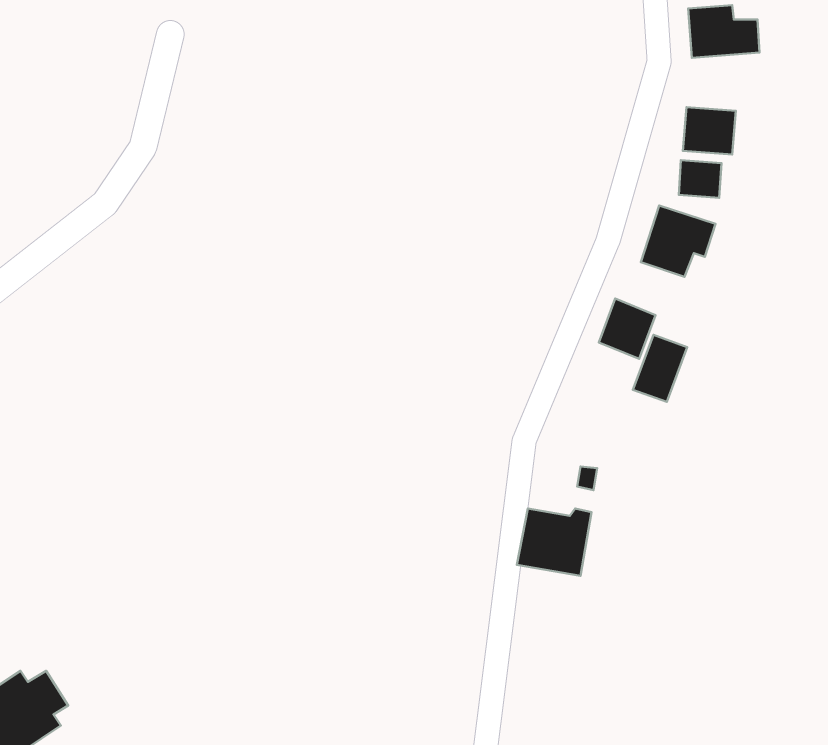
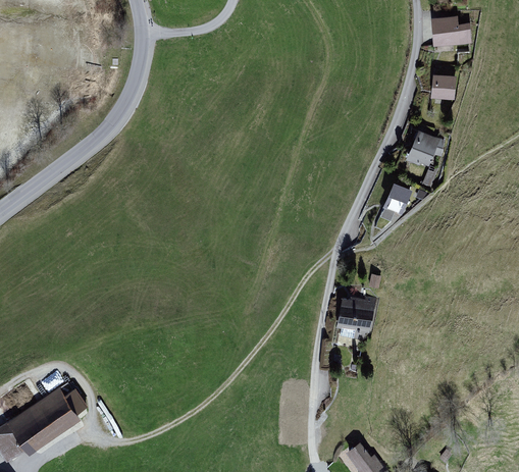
building: [679,160,721,198] -> none
building: [633,335,687,402] -> none

